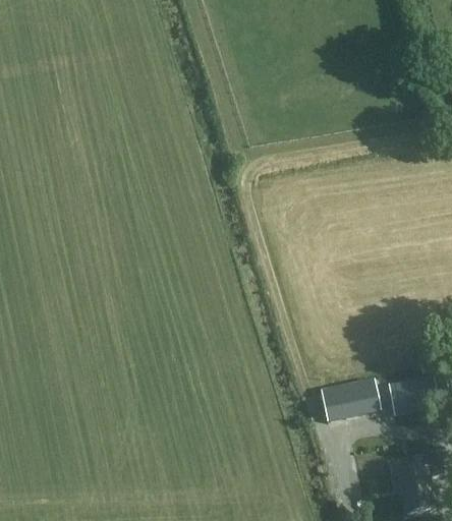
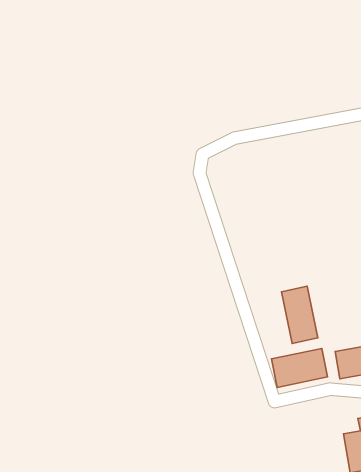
building: none -> [282,286,318,343]

